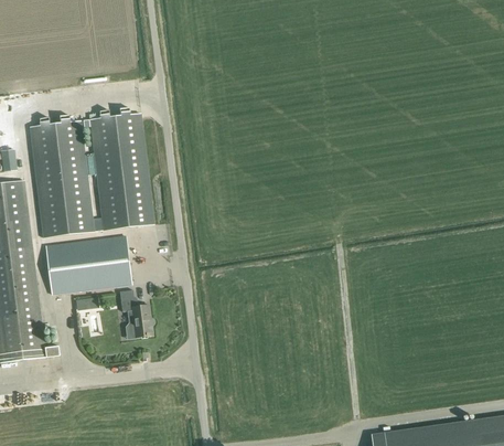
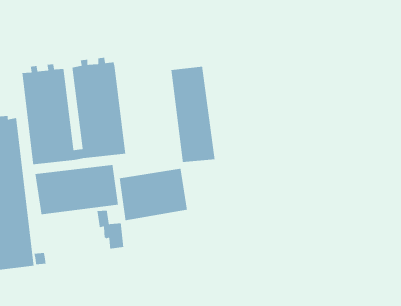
building: none -> [171,66,216,163]
building: none -> [119,168,188,221]

